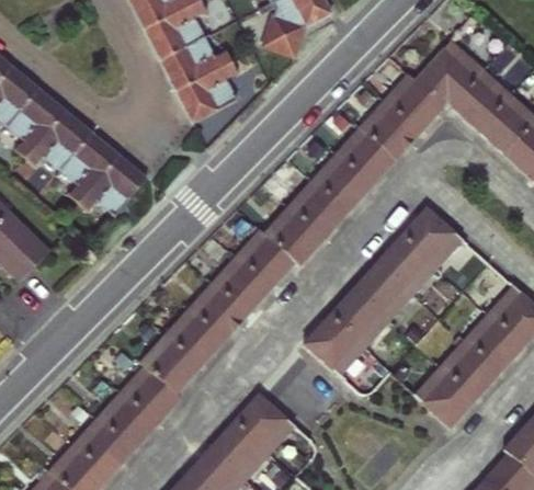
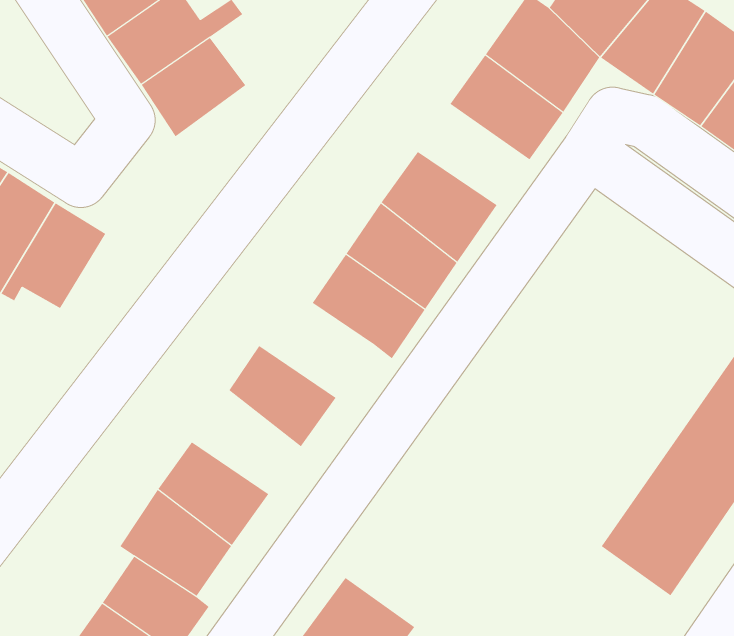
building: [332,126,397,189] -> none
building: [303,208,464,380] -> none
building: [226,225,293,289] -> none
building: [180,277,243,341] -> none

